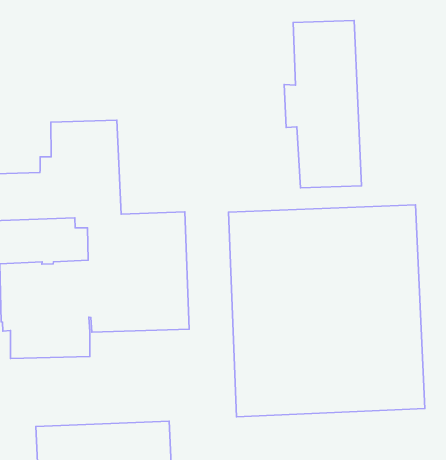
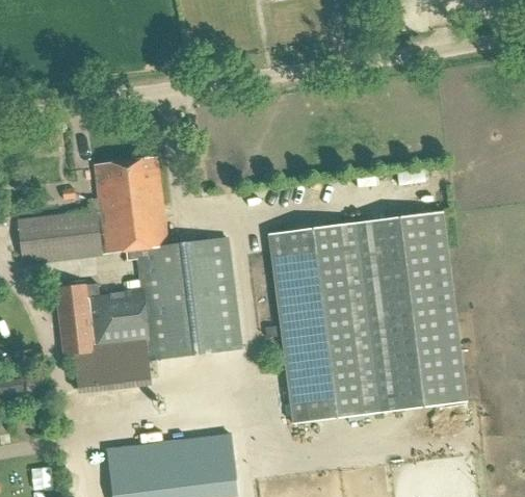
building: [284,20,361,188] -> none

